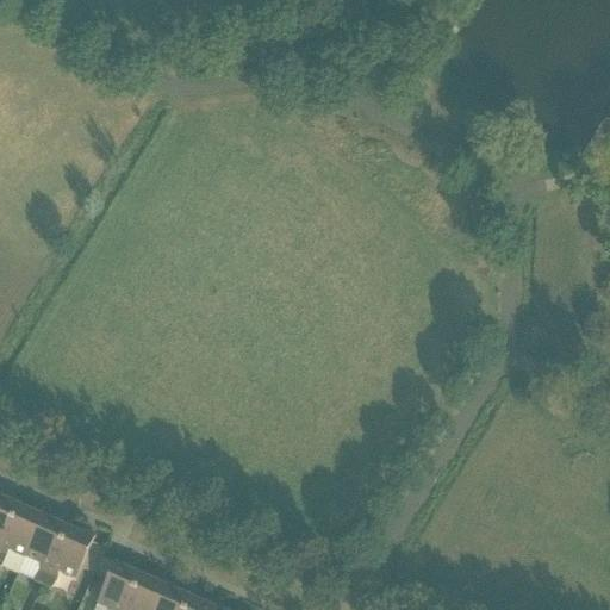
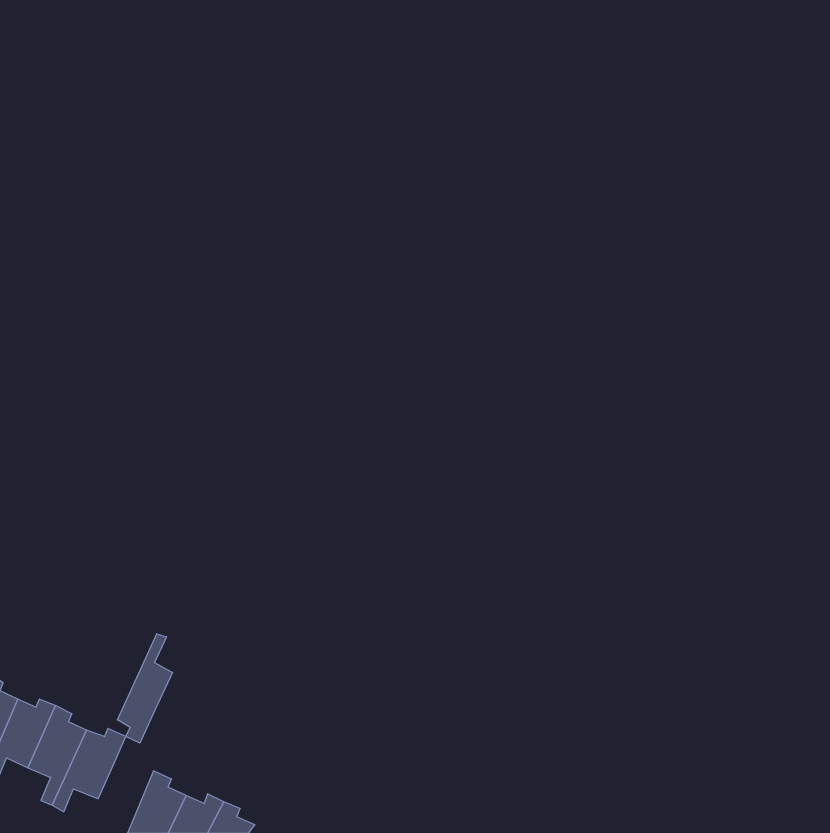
building: none -> [117,634,173,743]

